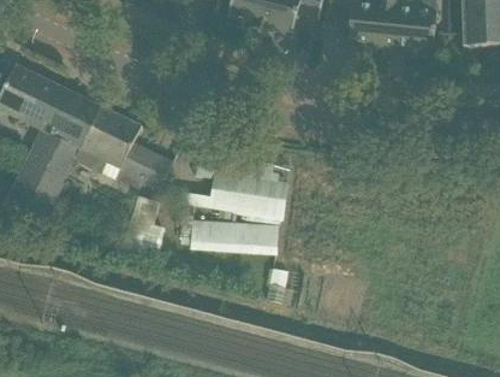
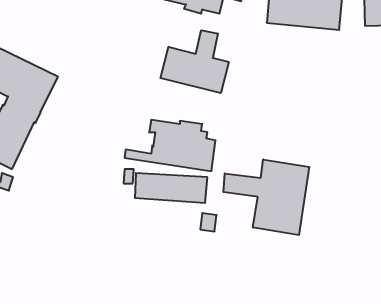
building: none -> [160,30,229,93]
building: [75,107,172,193] -> none
building: none -> [223,159,309,235]

